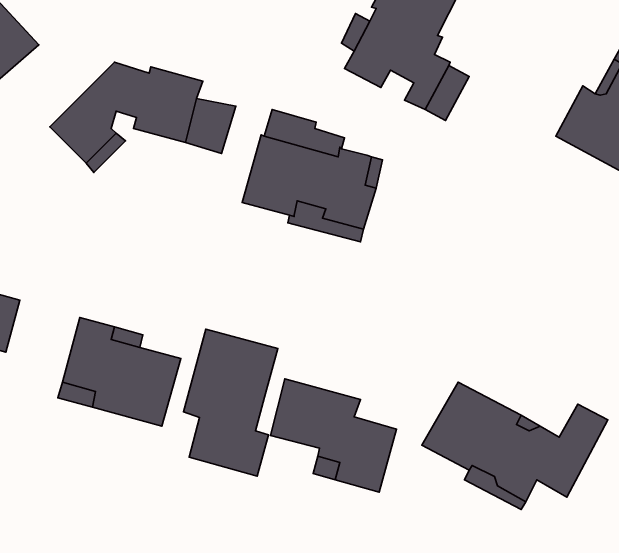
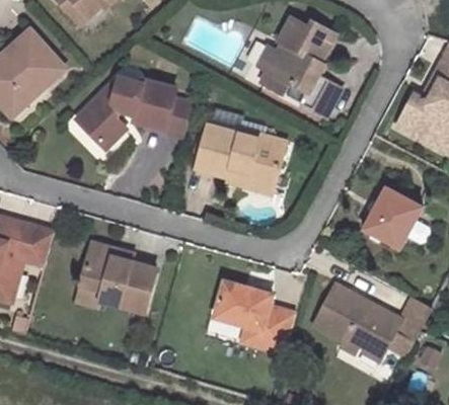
building: none -> [361,186,429,248]
building: [183,329,278,476] -> none

